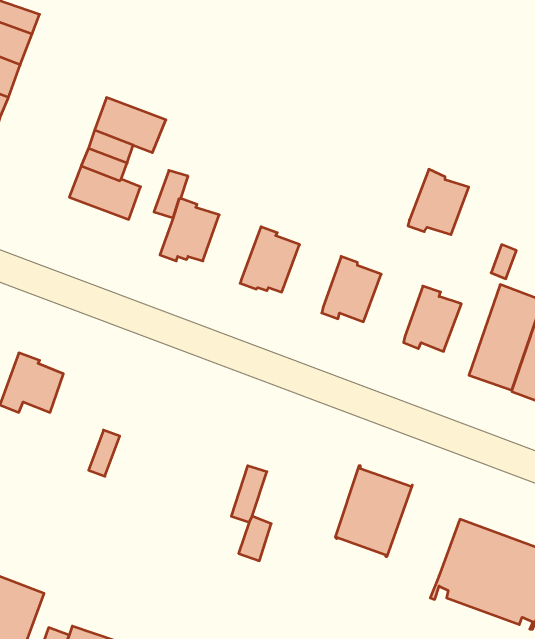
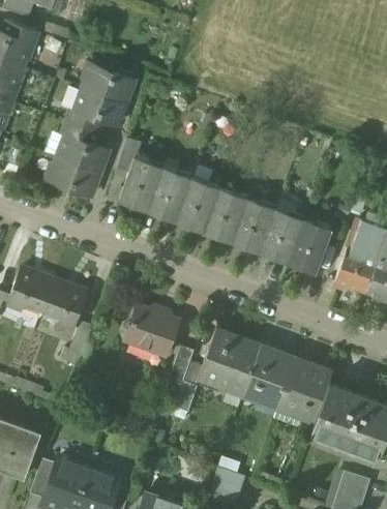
building: none -> [83,66,132,104]
building: [408,169,469,235] -> [261,210,303,256]
building: none -> [49,158,98,197]
building: none -> [148,169,189,215]
building: none -> [204,189,246,235]
building: none -> [43,281,87,327]
building: none -> [122,304,180,355]
building: none -> [199,329,259,395]
building: none -> [278,359,333,422]

